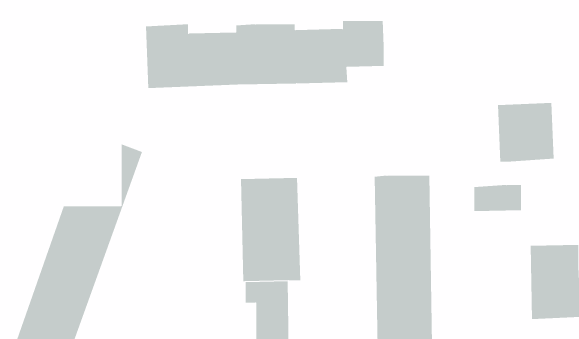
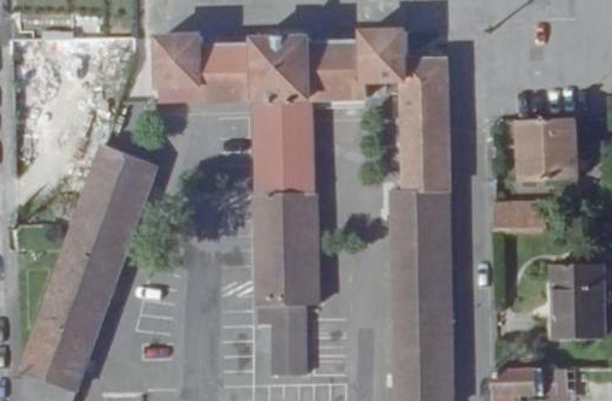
building: none -> [400,31,448,191]
building: none -> [251,98,313,195]
building: none -> [73,147,131,223]

